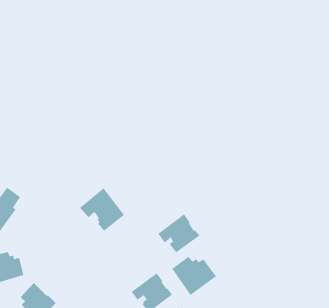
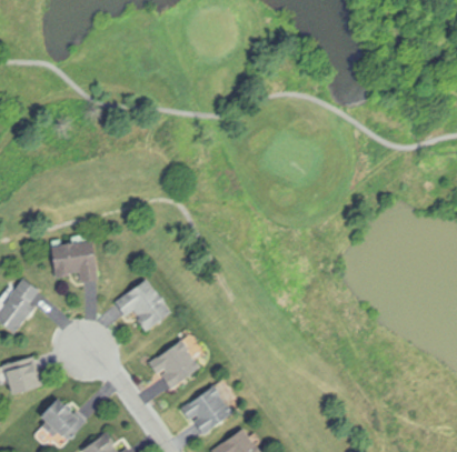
building: none -> [51,240,97,280]
building: [157,214,200,253] -> [147,338,201,388]
building: [172,256,217,296] -> none

